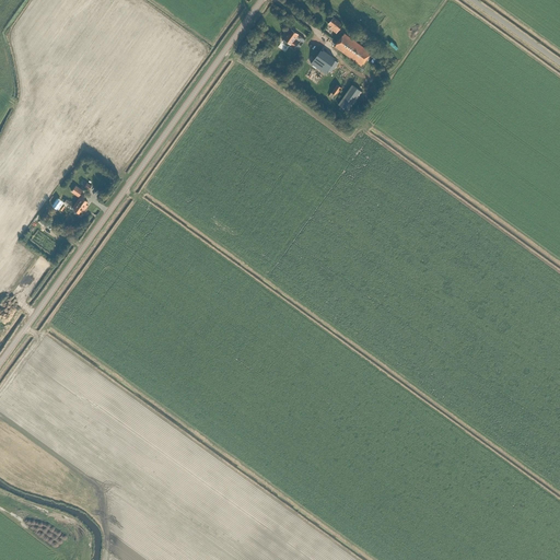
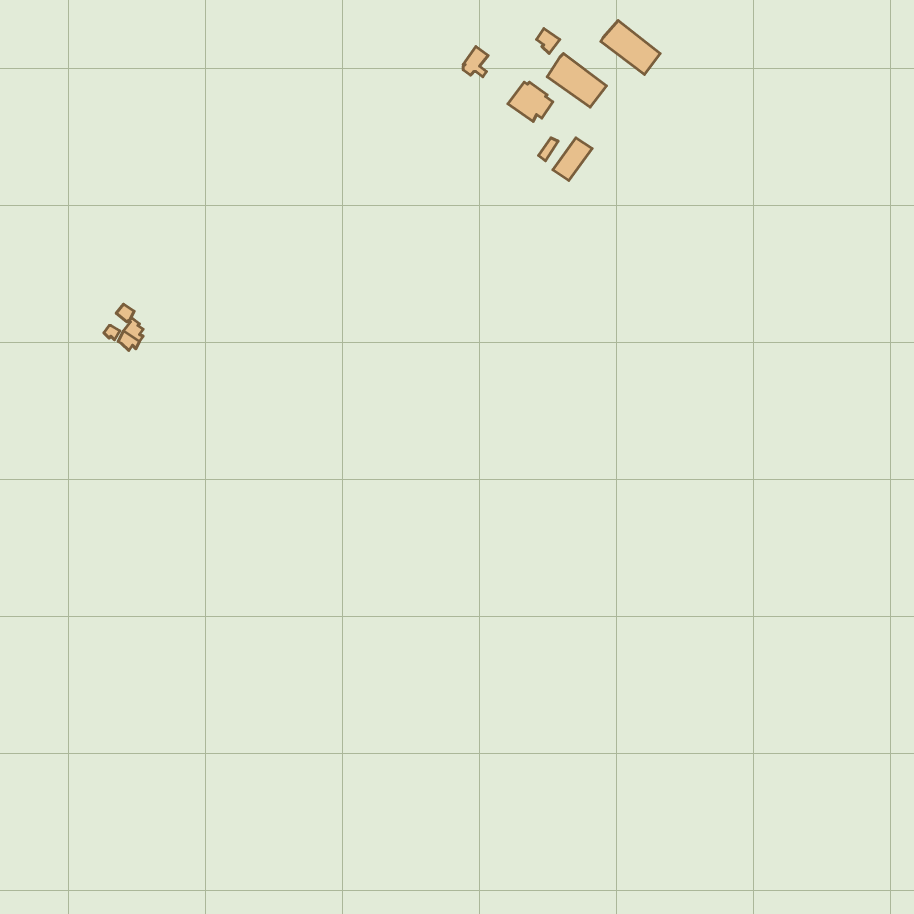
building: none -> [601,20,660,74]

